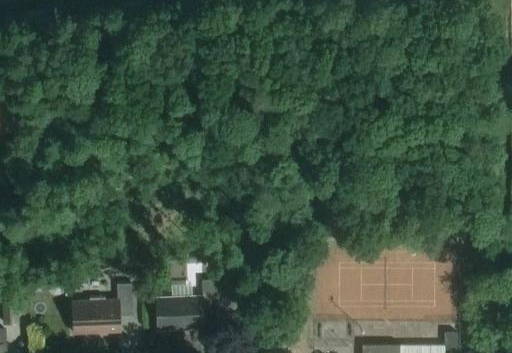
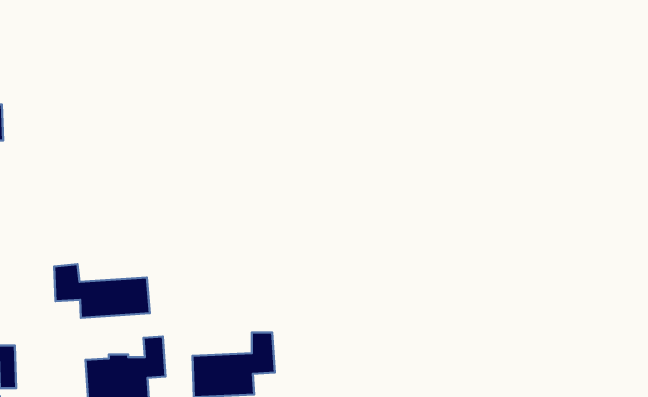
building: none -> [54,264,150,318]

